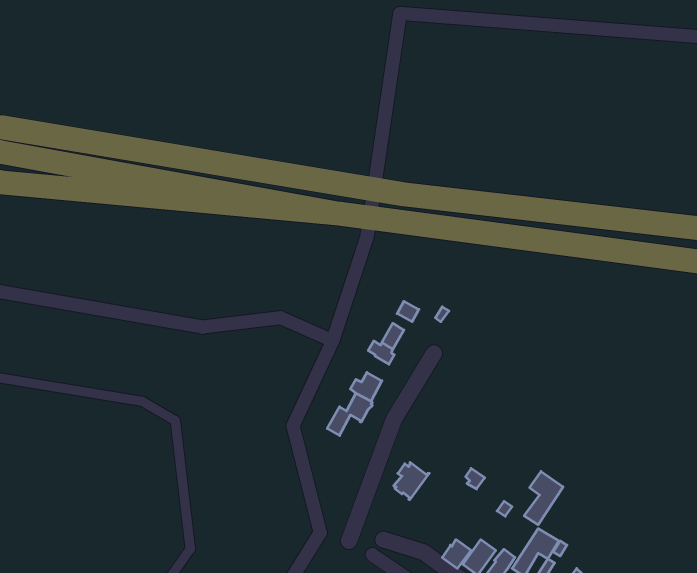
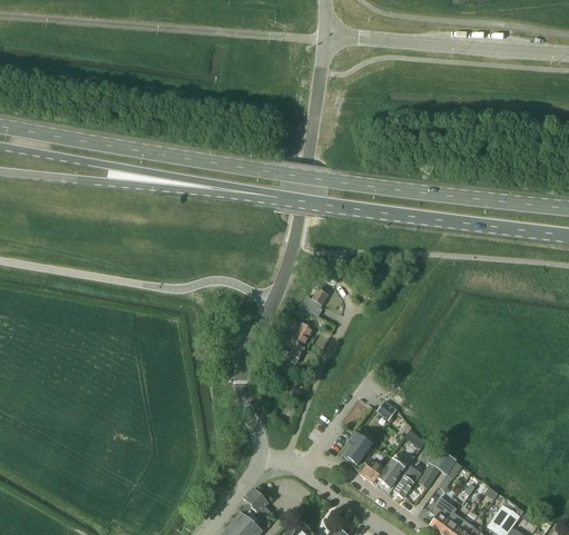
building: [394,462,429,499] -> [344,435,373,465]
building: [524,471,563,525] -> none

